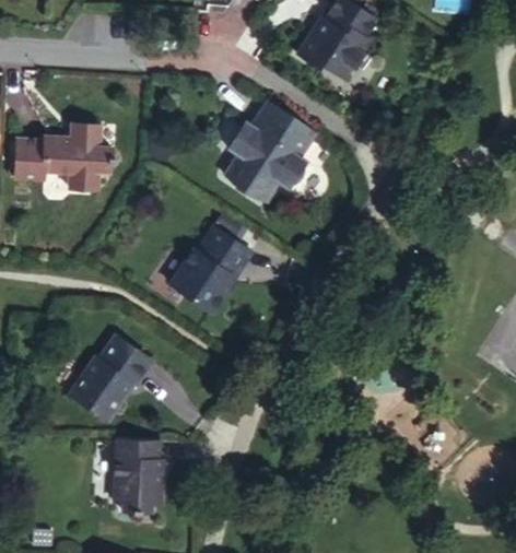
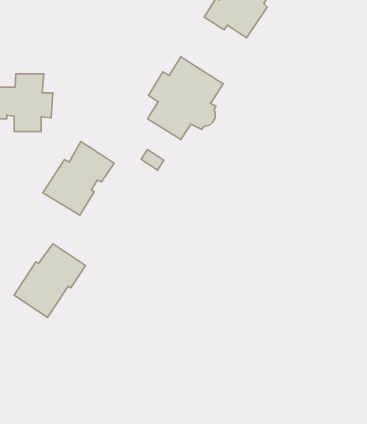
building: [172,228,258,318] -> [43,141,114,215]
building: [110,436,163,514] -> none

